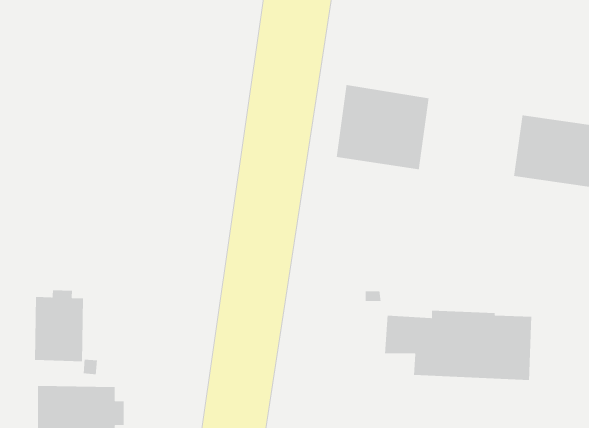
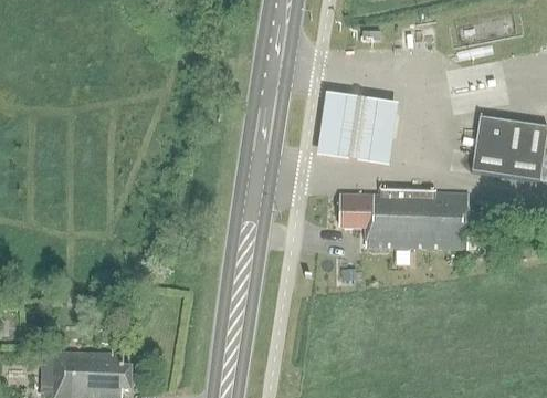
building: [34,289,84,362] -> none
building: [384,310,532,381] -> [338,188,467,250]

